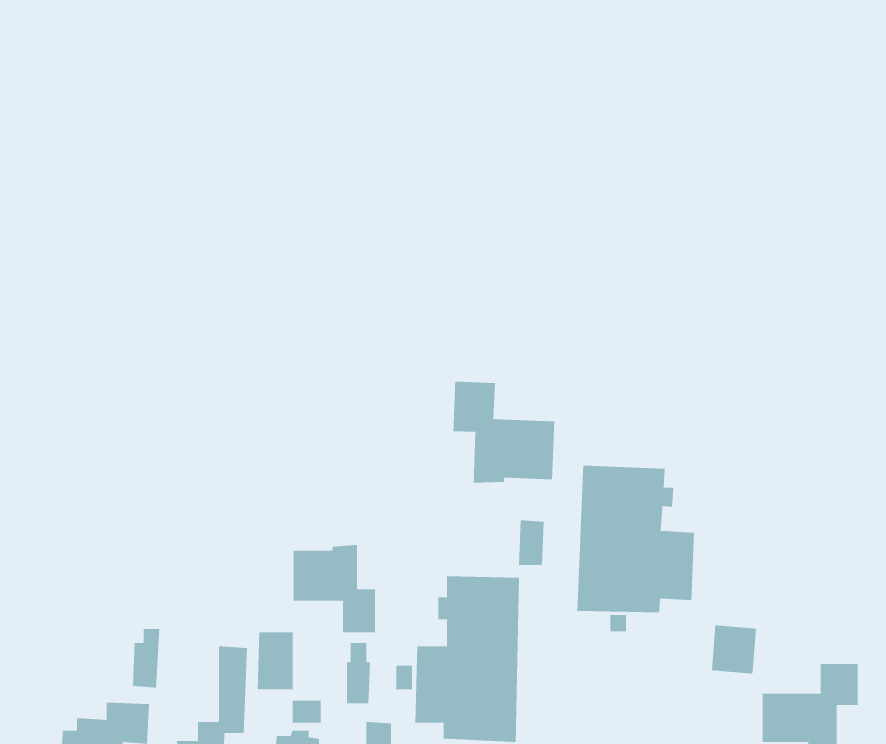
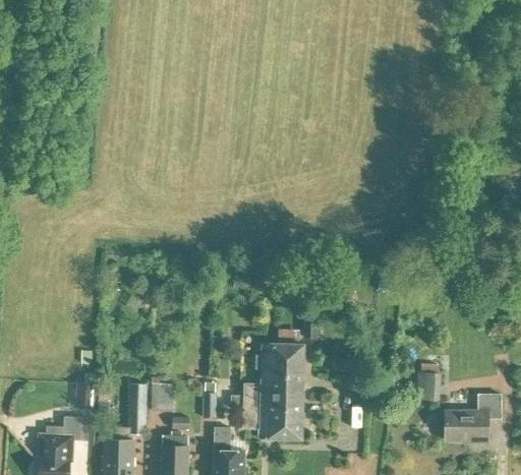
building: [453,381,555,483] -> none
building: [577,465,695,613] -> none
building: [293,544,376,633] -> none

